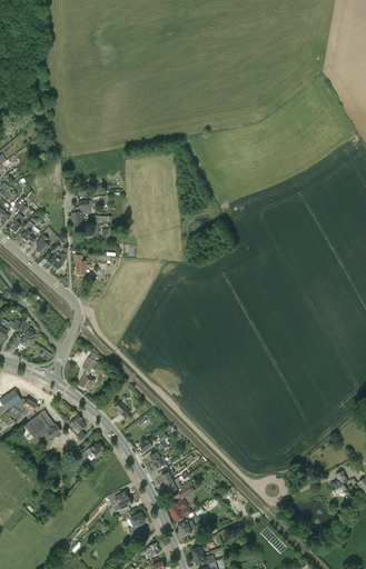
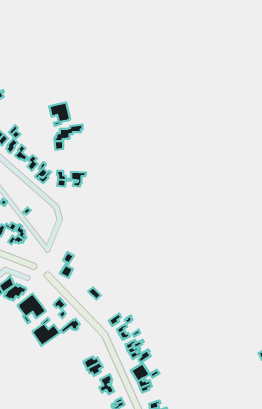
building: none -> [49,103,70,126]
building: none -> [32,318,60,346]

